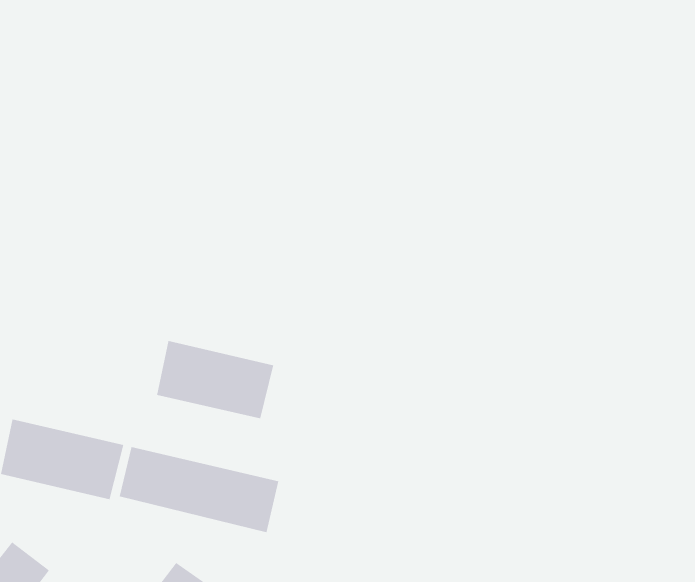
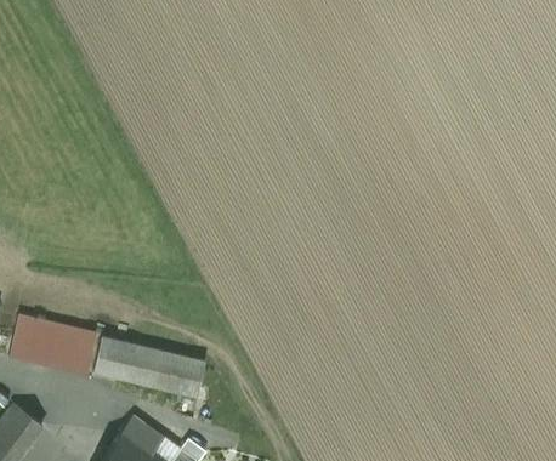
building: [156,340,274,419] -> none

